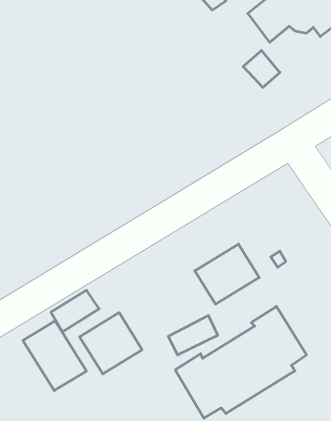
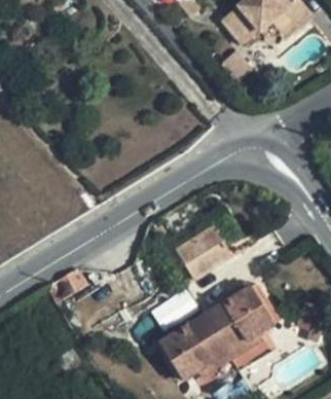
building: [80,313,142,374] -> none
building: [23,321,86,391] -> none

